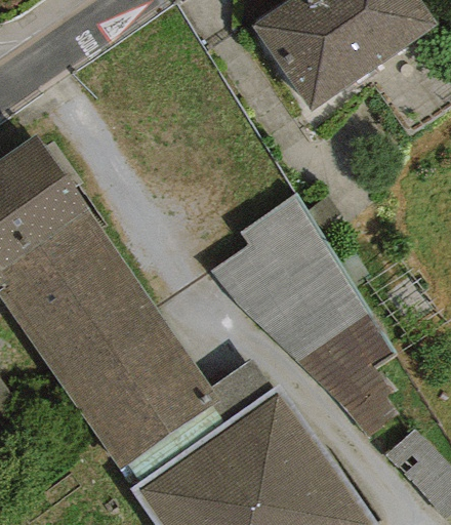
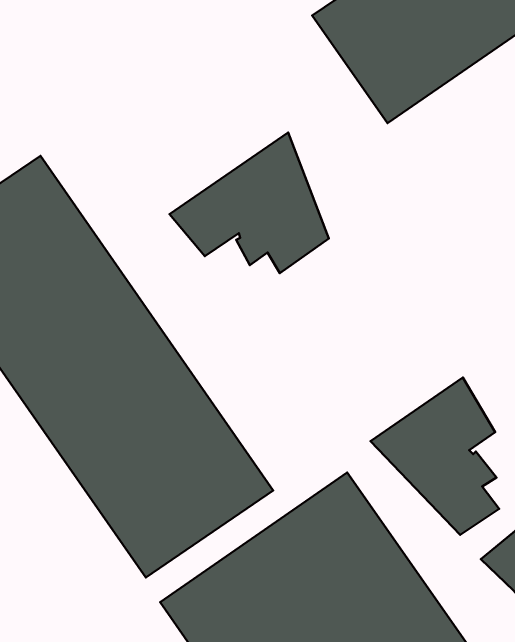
building: none -> [169,132,329,273]
building: [210,194,370,362] -> none

